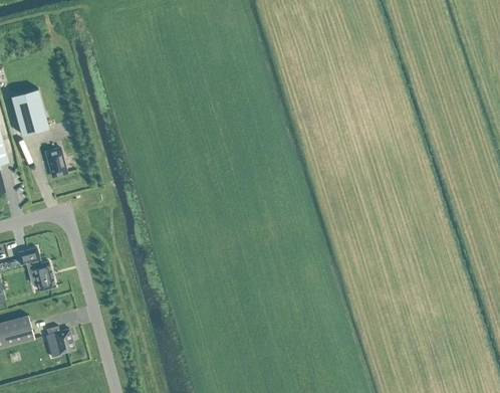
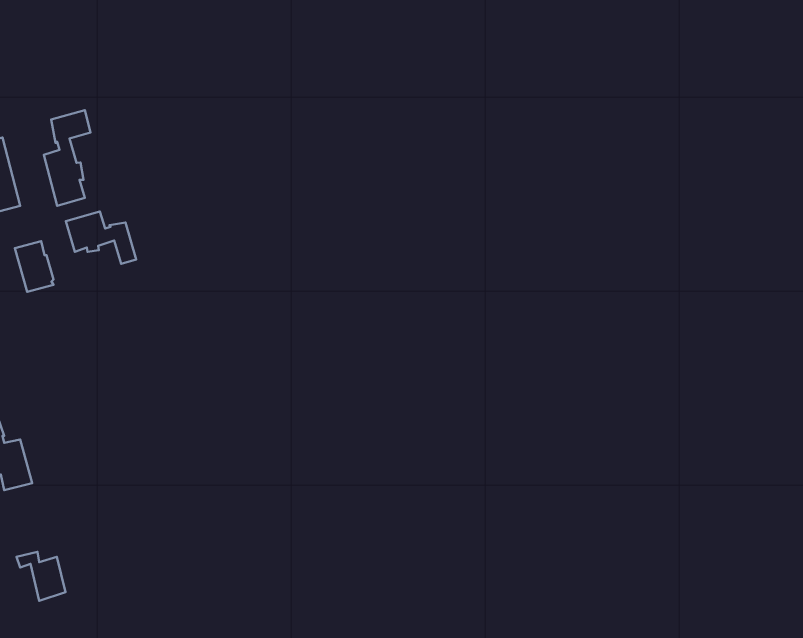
building: none -> [44,110,91,206]
building: none -> [66,212,136,264]

